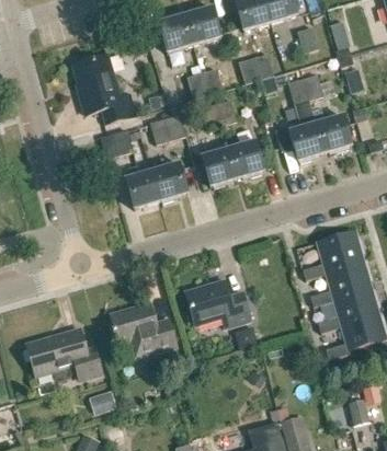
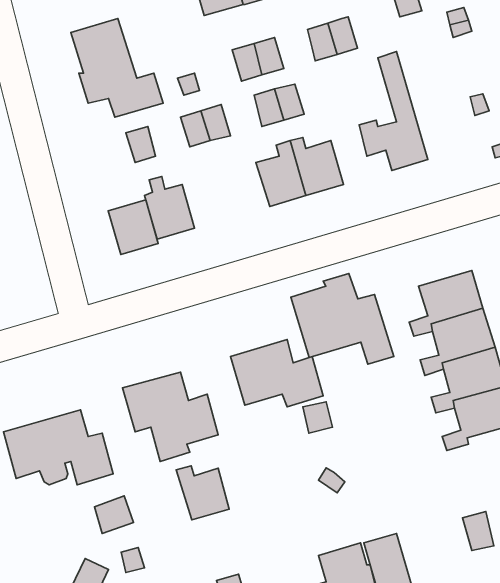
building: [301,73,350,153] -> none
building: [151,163,186,201] -> [108,200,158,254]
building: none -> [291,273,394,364]
building: none -> [176,466,229,520]

